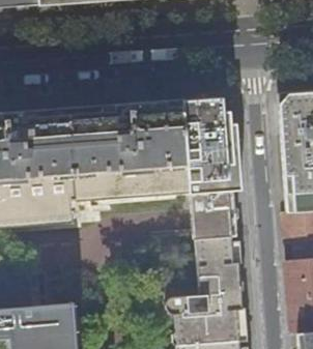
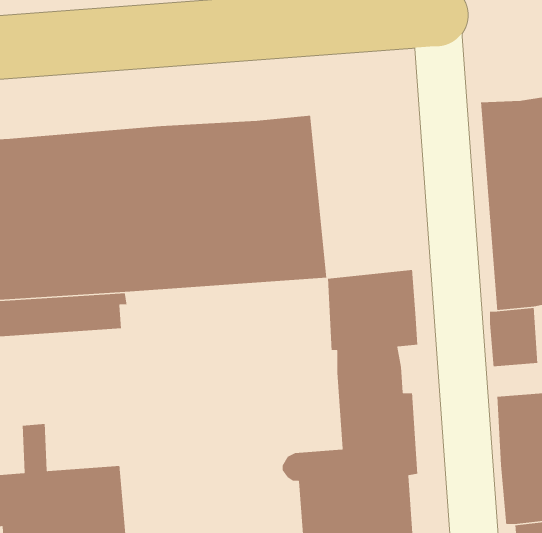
building: [180,98,241,194] -> none

